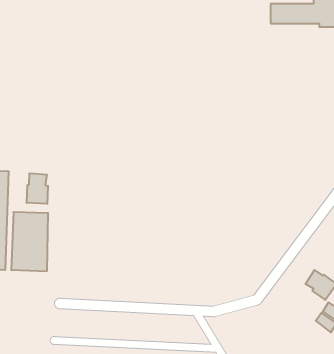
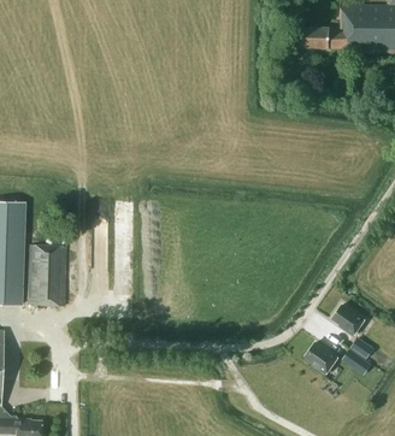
building: [27,173,48,204] -> none
building: none -> [306,343,338,375]

